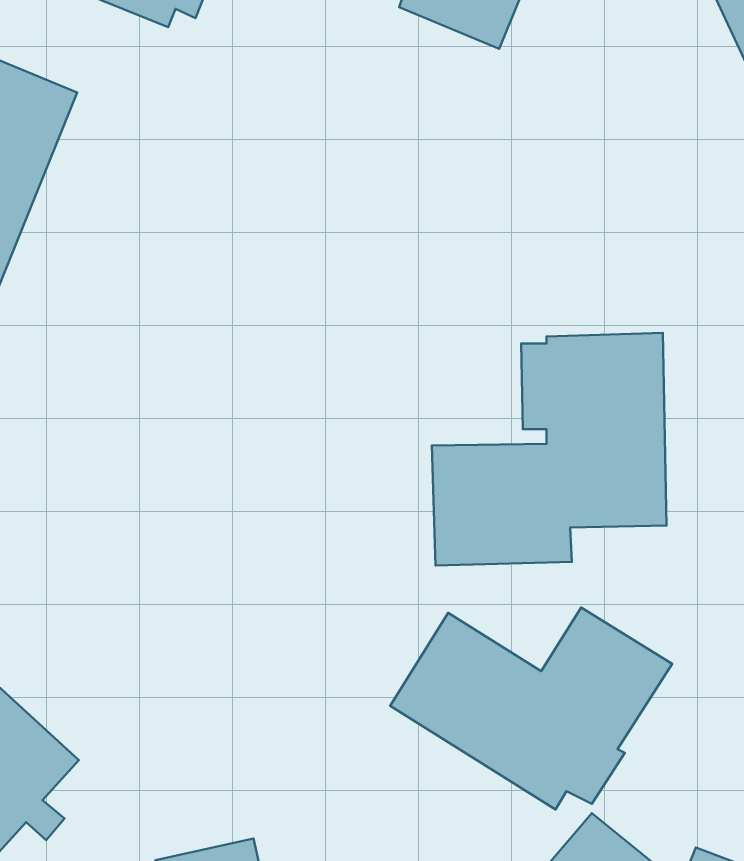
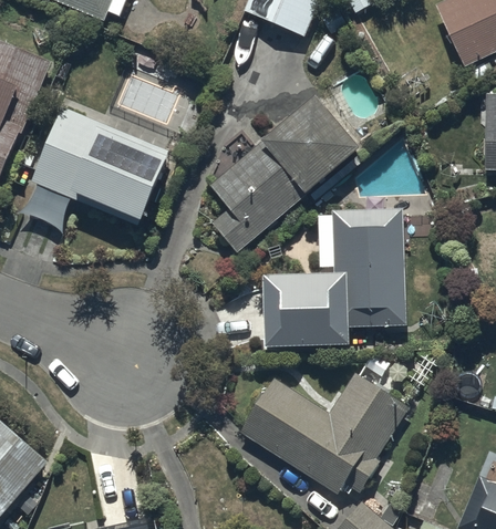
building: none -> [208,94,360,253]
building: none -> [30,103,170,225]

